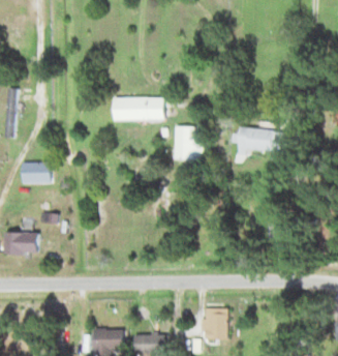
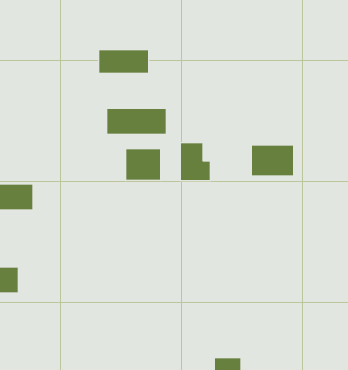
building: none -> [99,50,148,73]
building: none -> [126,149,161,181]

